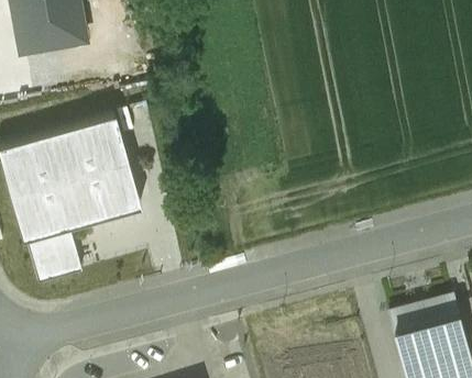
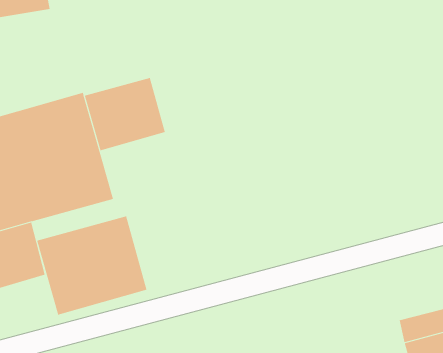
building: none -> [84,77,165,151]
building: none -> [36,216,147,316]

